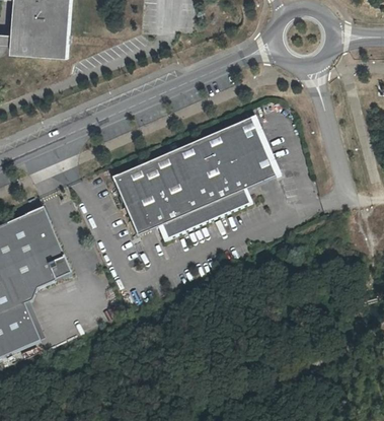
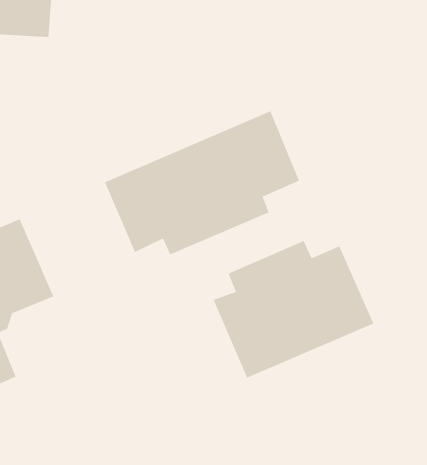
building: none -> [213,240,374,378]

